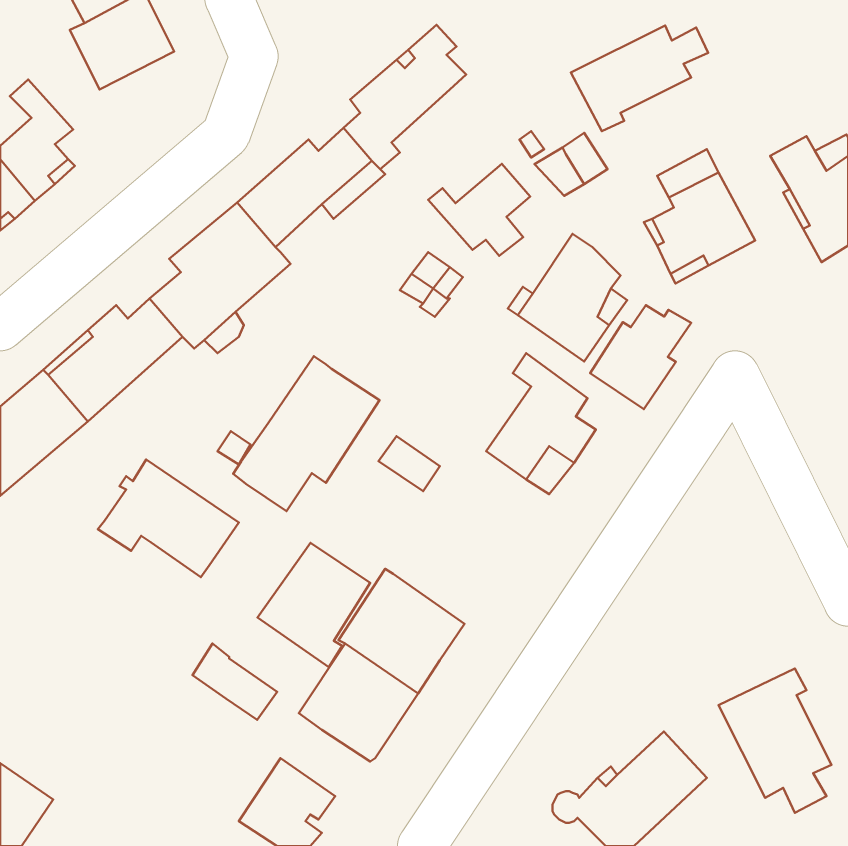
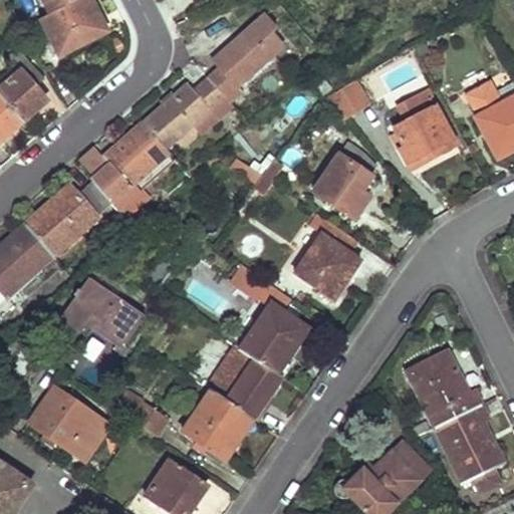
building: [571,26,708,131] -> none
building: [428,164,530,256] -> none
building: [590,305,691,409] -> none
building: [233,356,379,511] -> none
building: [257,543,370,667] -> [238,302,306,377]
building: none -> [407,351,481,436]
building: none -> [29,388,109,462]

